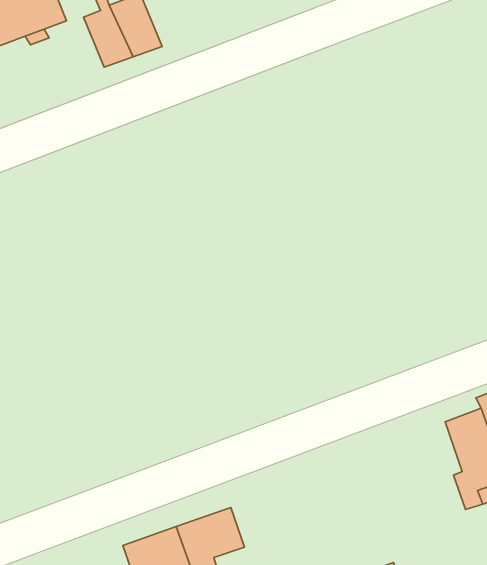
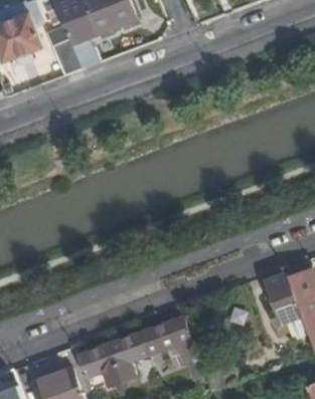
building: none -> [139,318,198,362]

